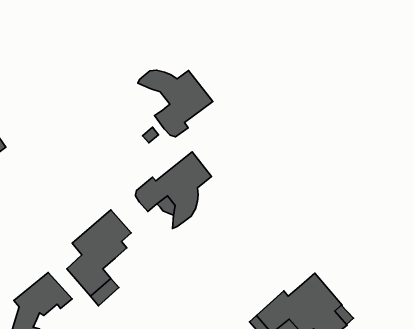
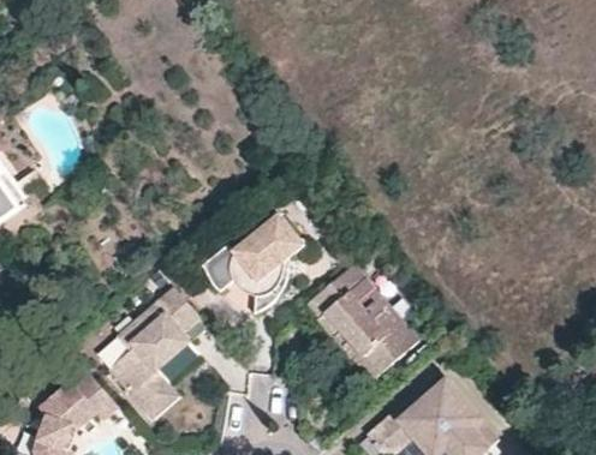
building: [138,70,213,137] -> none
building: none -> [308,270,417,379]

